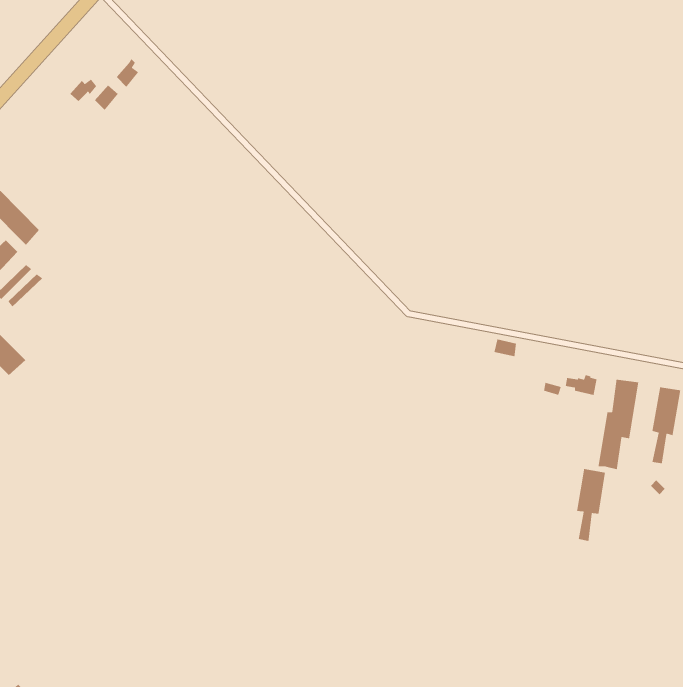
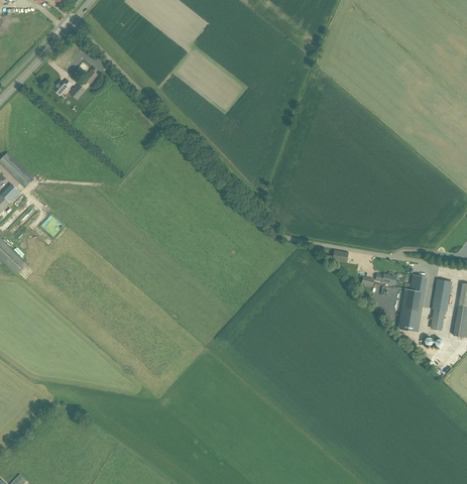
building: [576,468,606,542] -> none

